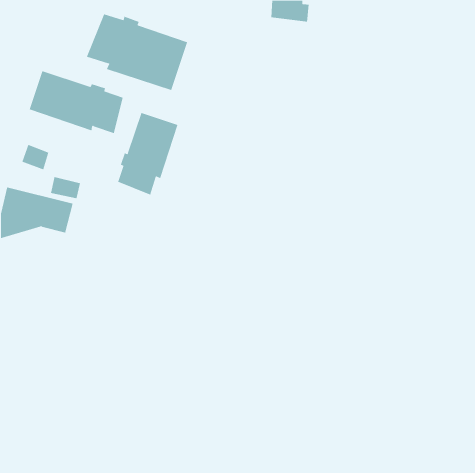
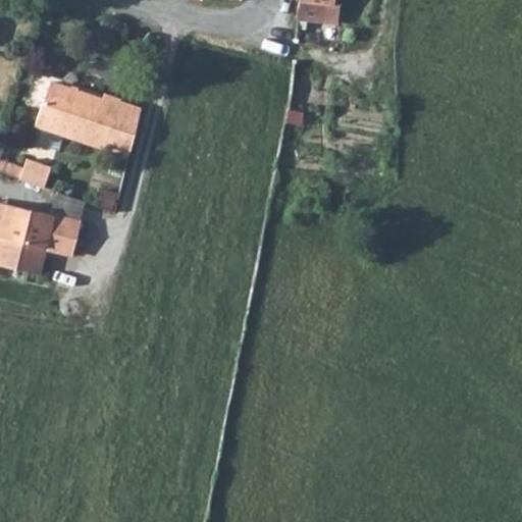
building: [86,13,188,91] -> none
building: [118,112,178,196] -> none

